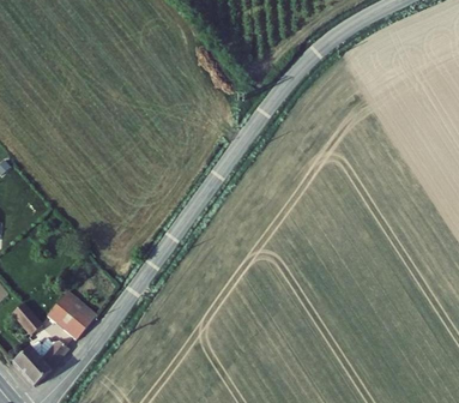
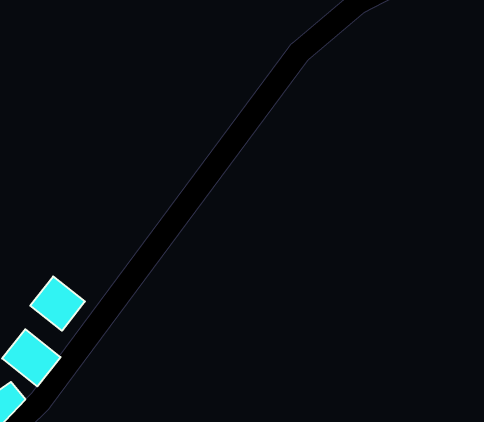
building: none -> [30,276,85,331]

